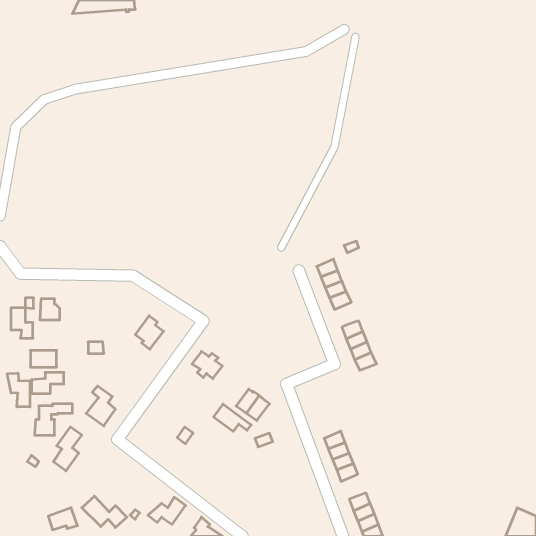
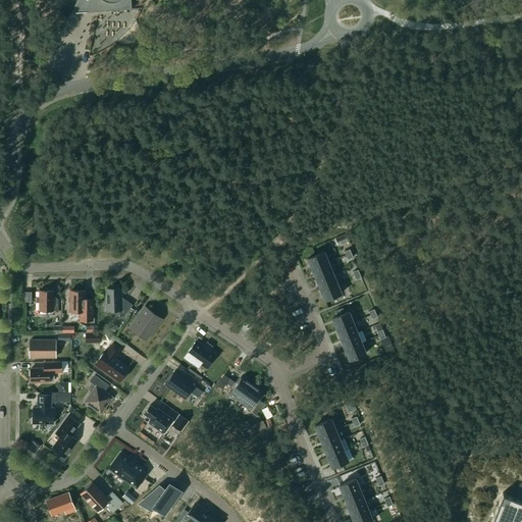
building: none -> [104,290,133,317]
building: [11,308,33,338] -> [70,291,92,320]
building: none -> [95,343,129,381]
building: [7,373,30,407] -> none
building: [214,404,251,431] -> [166,370,203,397]
building: none -> [144,405,173,433]
building: none -> [111,454,144,487]

